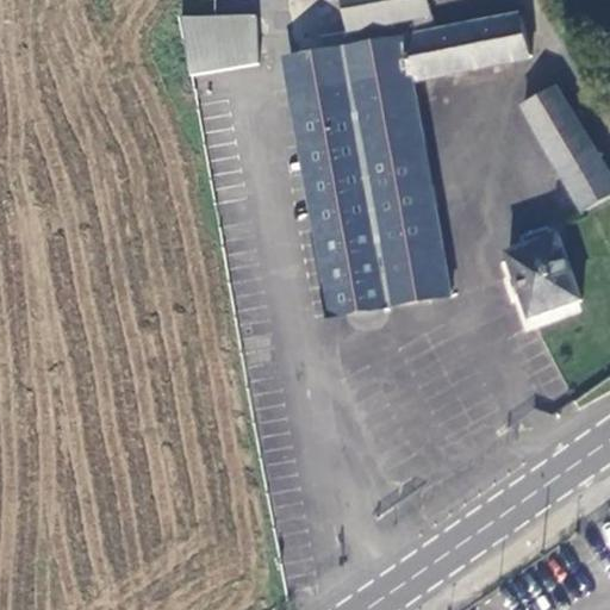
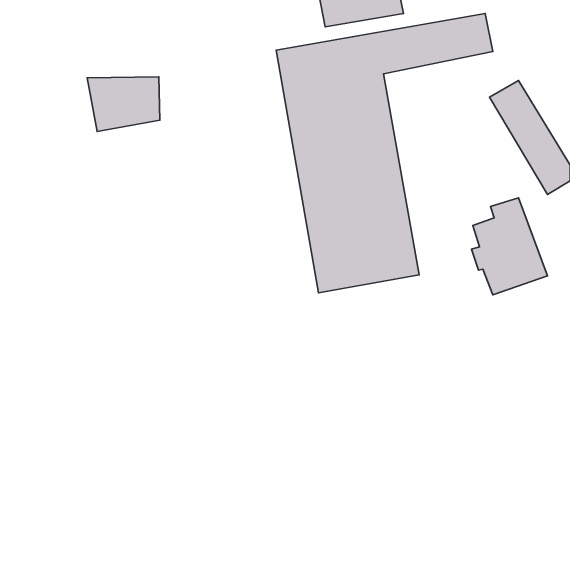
building: [178,14,255,73] -> [87,77,160,131]

